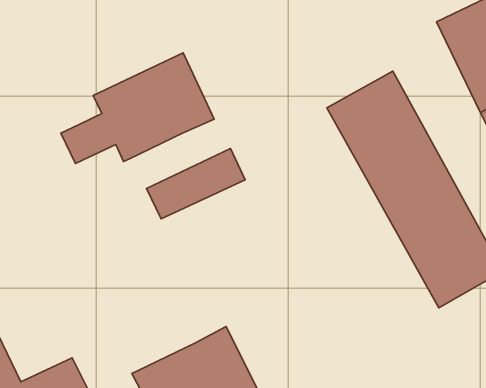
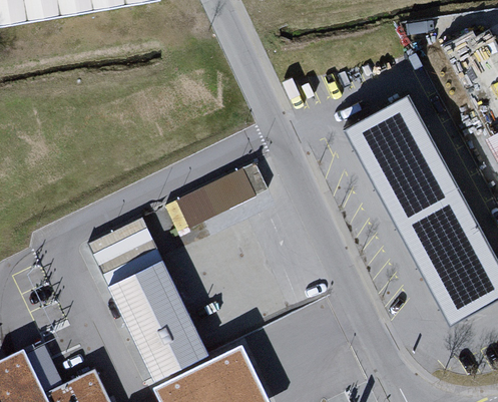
building: [61,53,214,163] -> none
building: none -> [91,218,213,381]

